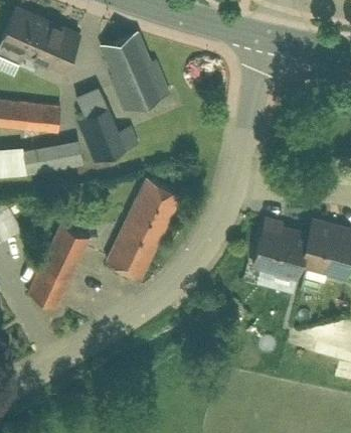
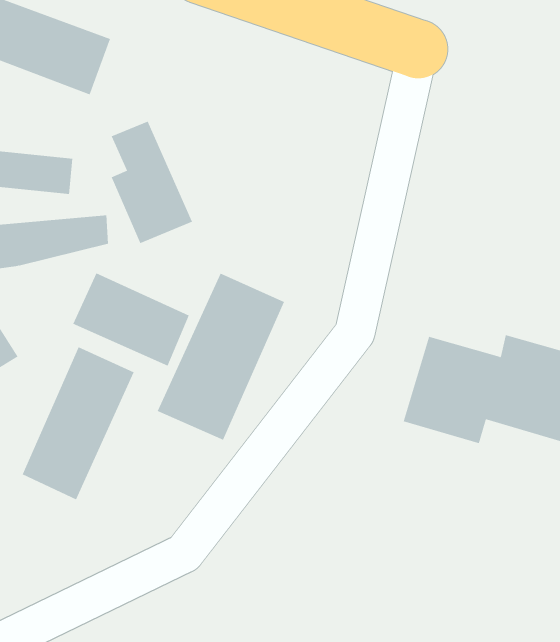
building: [99,34,161,112] -> none
building: none -> [73,273,190,366]

